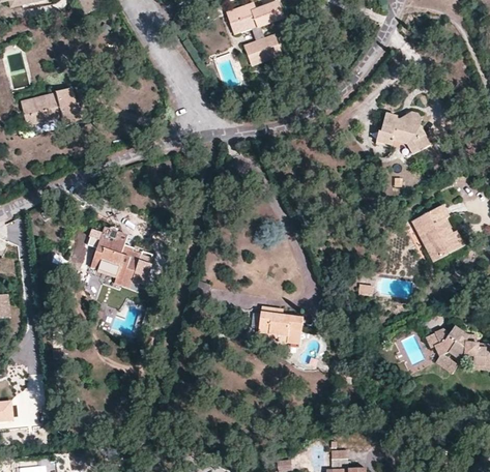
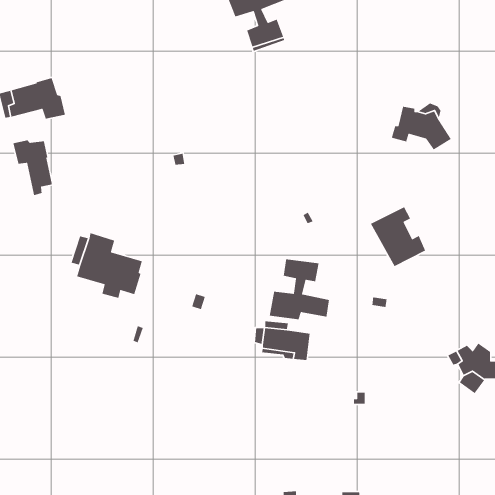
building: none -> [12,139,53,196]
building: [412,206,463,261] -> [370,206,426,267]
building: none -> [269,258,330,320]

